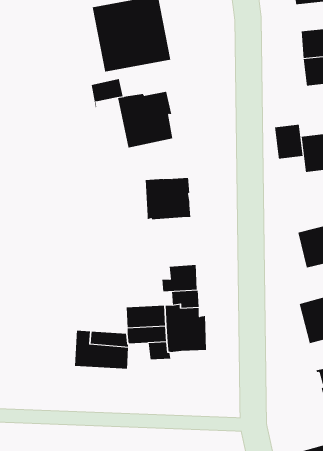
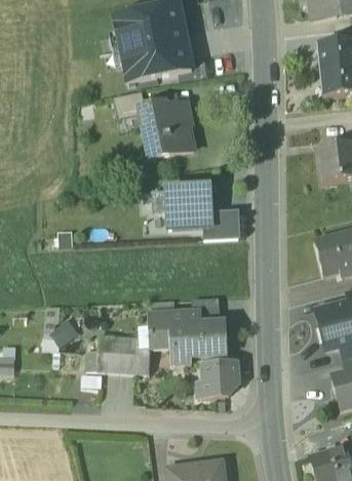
building: [275,124,303,160] -> none
building: [162,264,197,292] -> [203,211,238,238]
building: none -> [45,317,79,349]
building: none -> [197,354,238,397]

